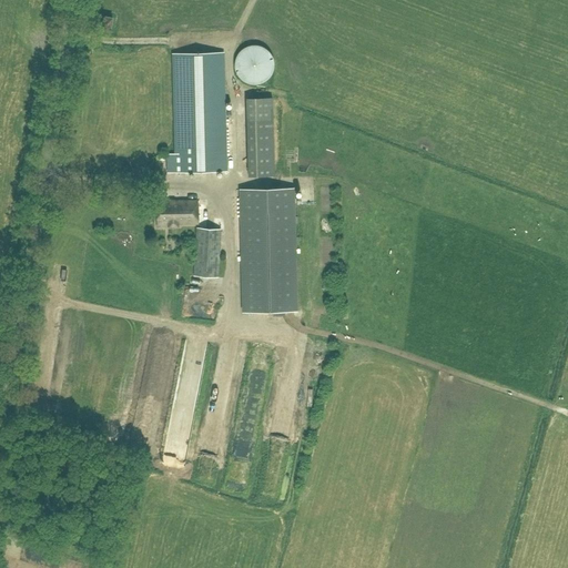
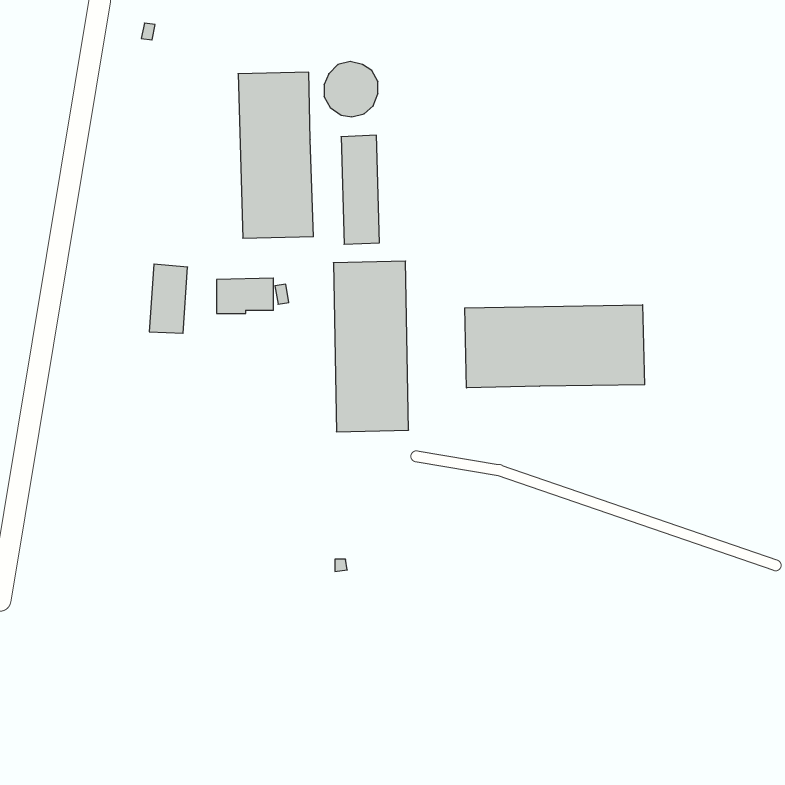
building: none -> [465,305,645,388]
building: [193,227,221,277] -> [149,264,188,333]

